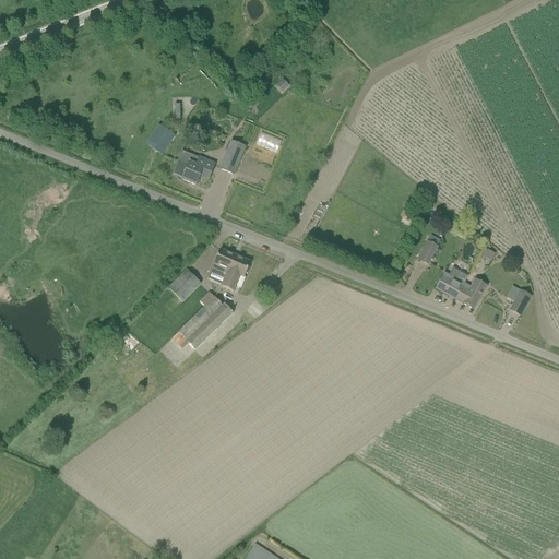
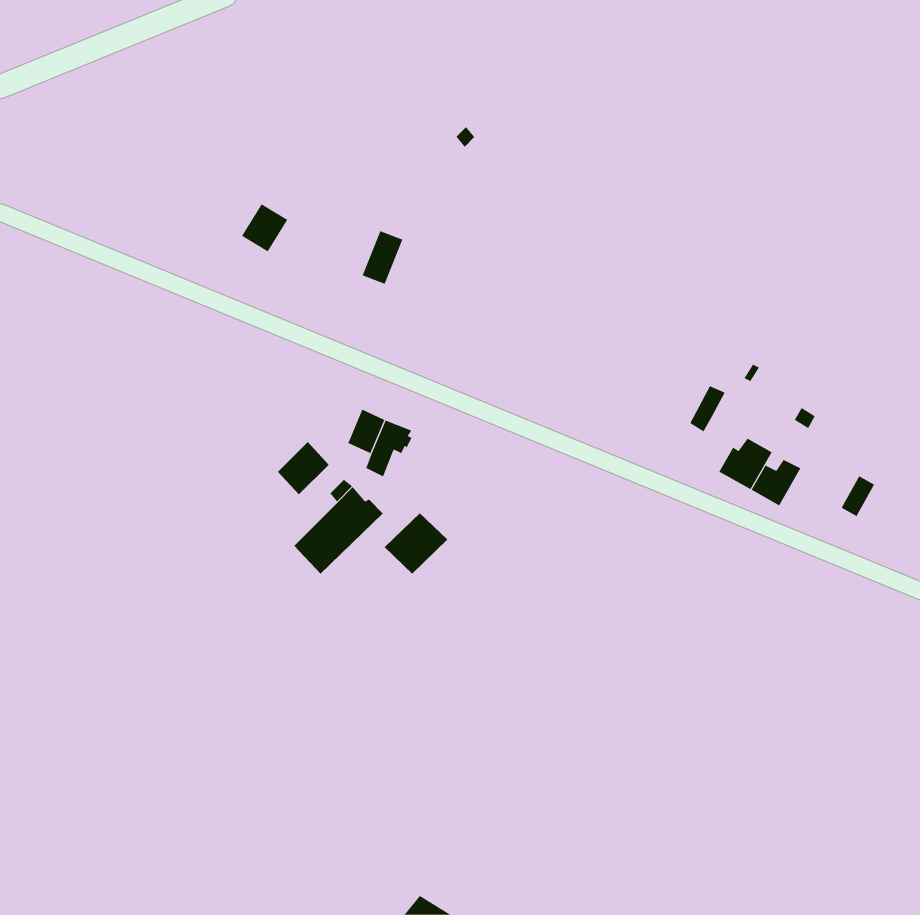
building: [173,156,214,183] -> none
building: none -> [384,512,448,574]

